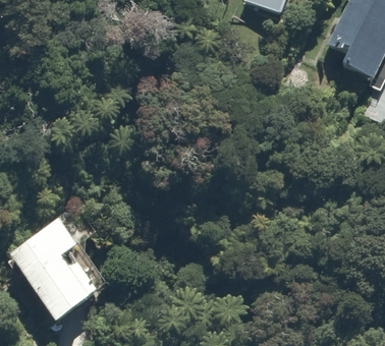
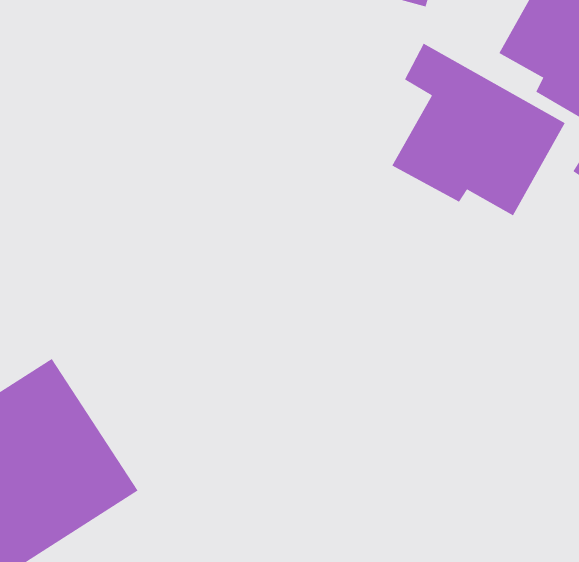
building: none -> [391,43,566,216]

